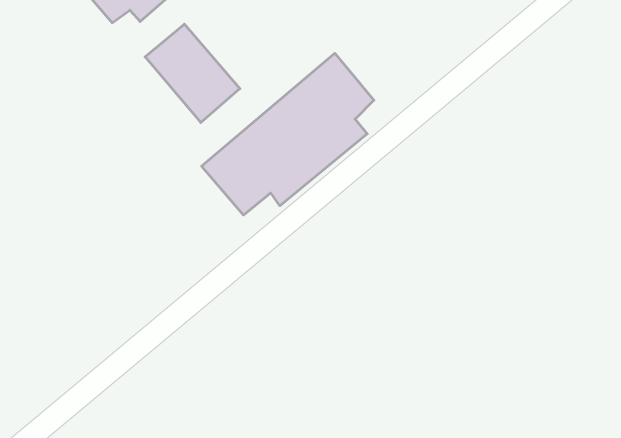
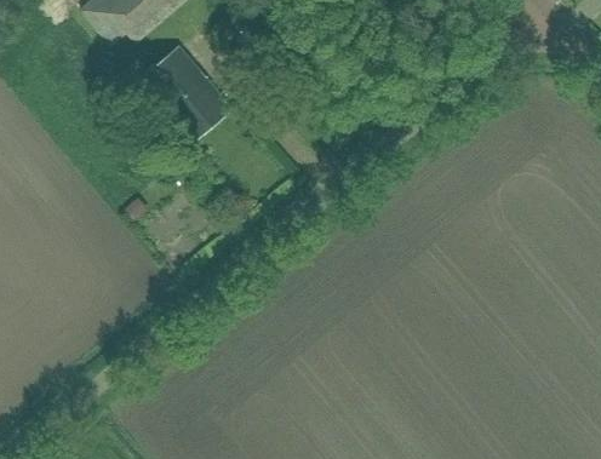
building: [202,53,374,215] -> none

